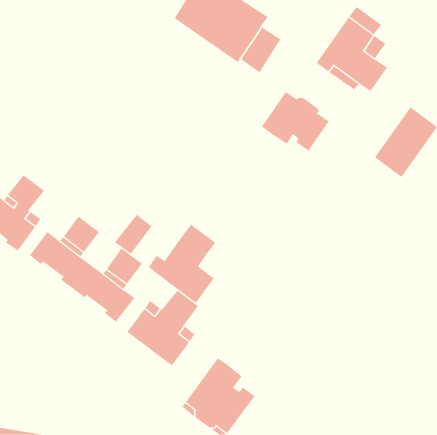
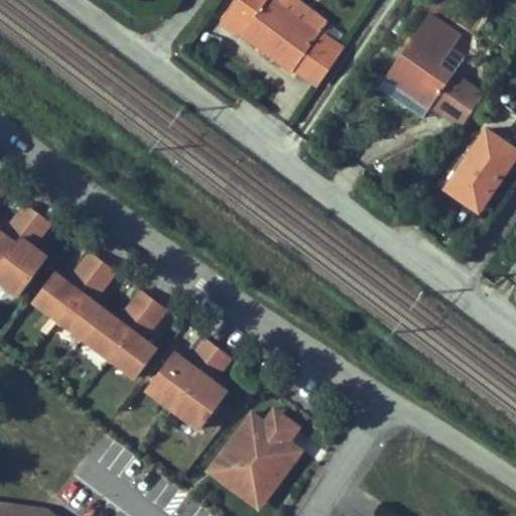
building: none -> [434,80,472,122]
building: [261,91,329,152] -> none
building: [114,214,153,255] -> none
building: [148,224,216,304] -> none
building: none -> [268,415,305,465]

